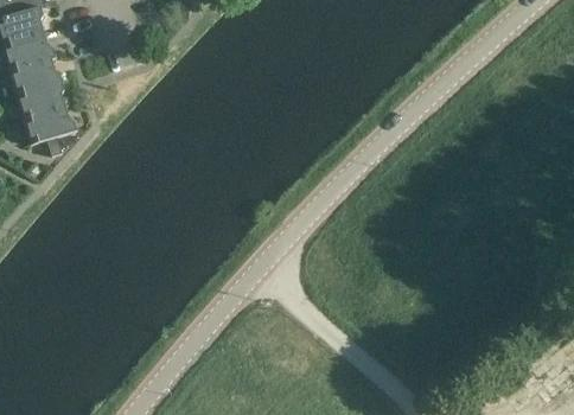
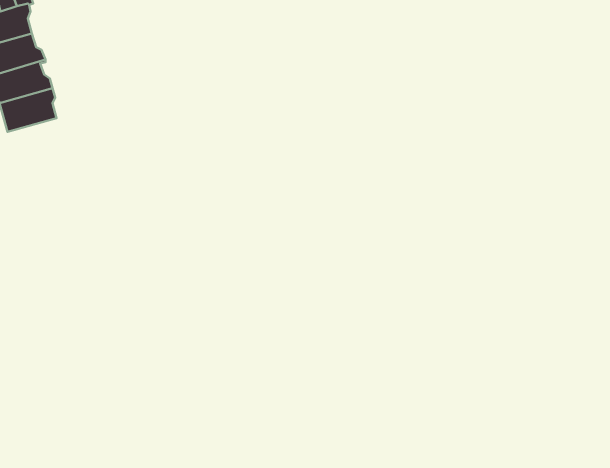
building: [21,106,76,154] -> none

